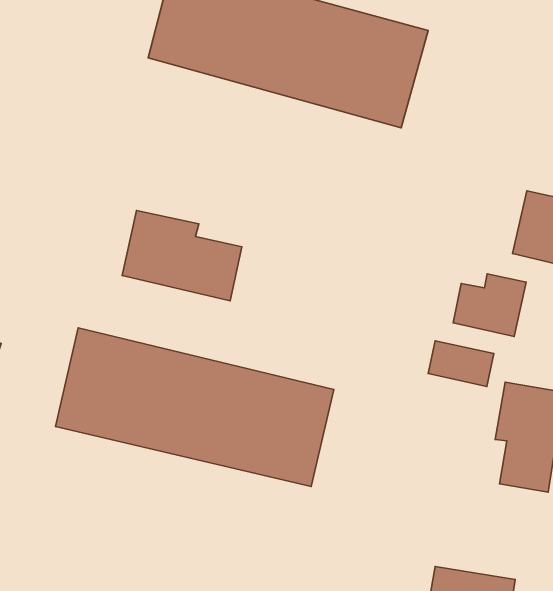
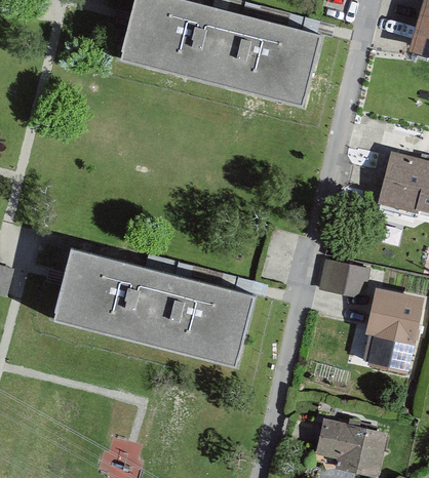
building: [122,211,242,301] -> none
building: [453,274,526,336] -> none

